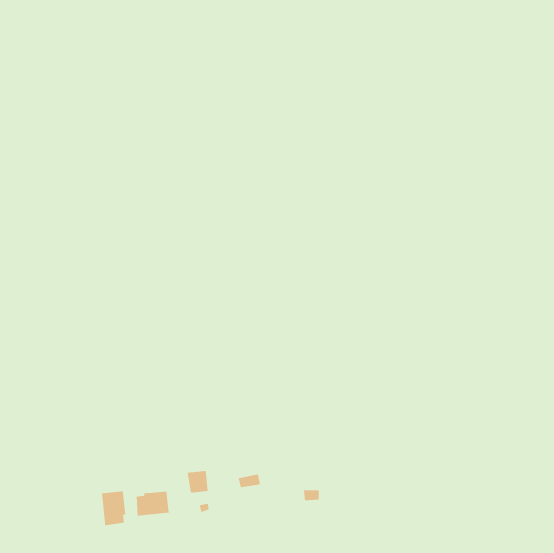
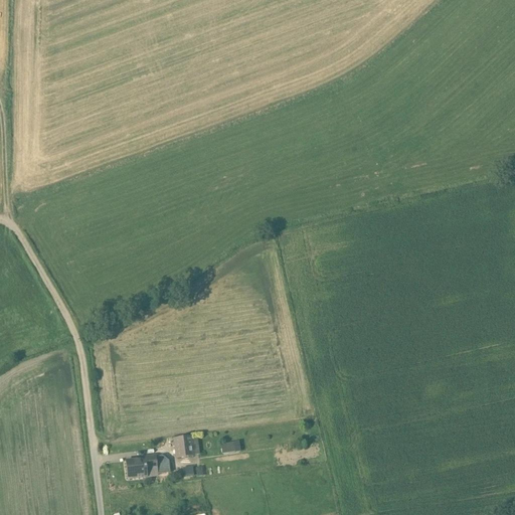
building: [101,491,126,526] -> none

